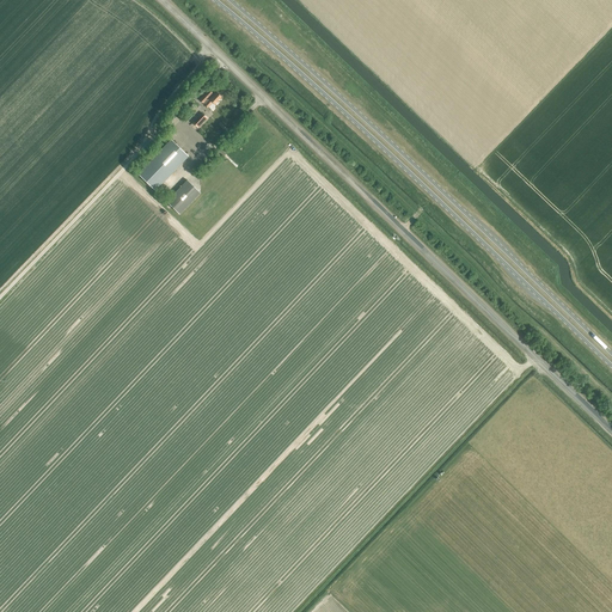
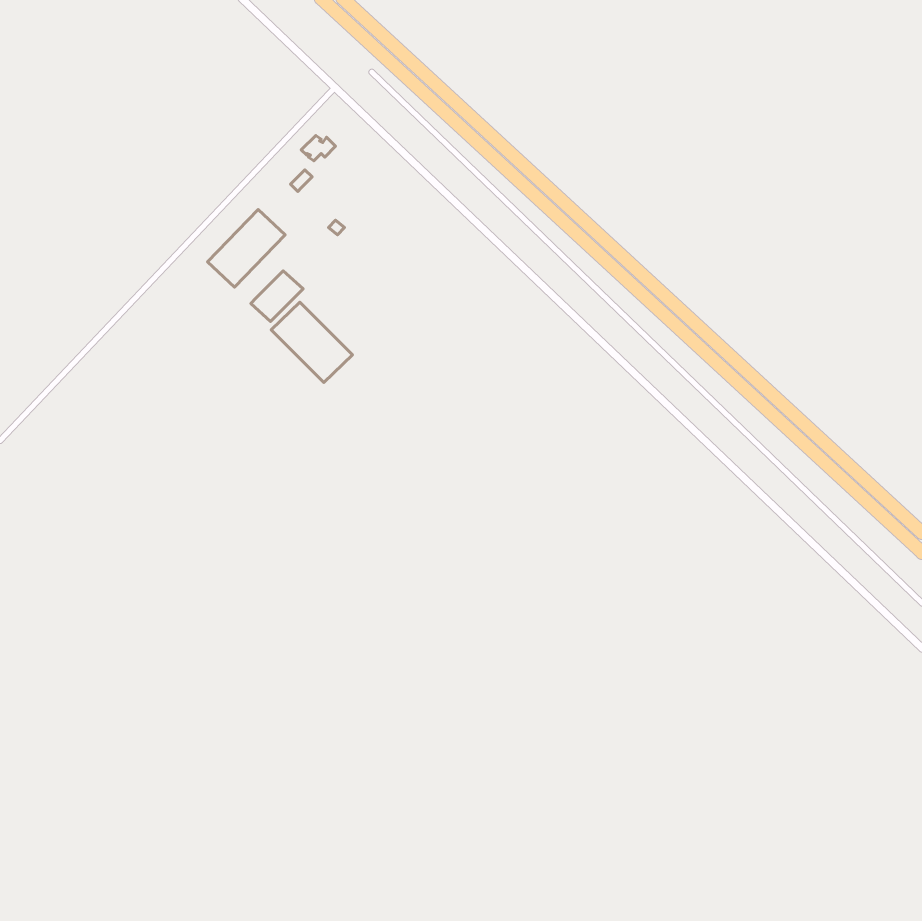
building: none -> [271,302,352,382]

